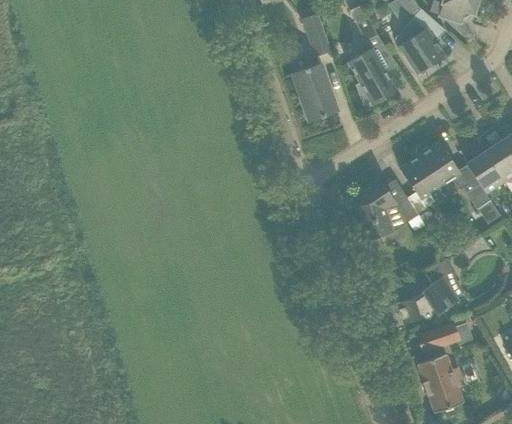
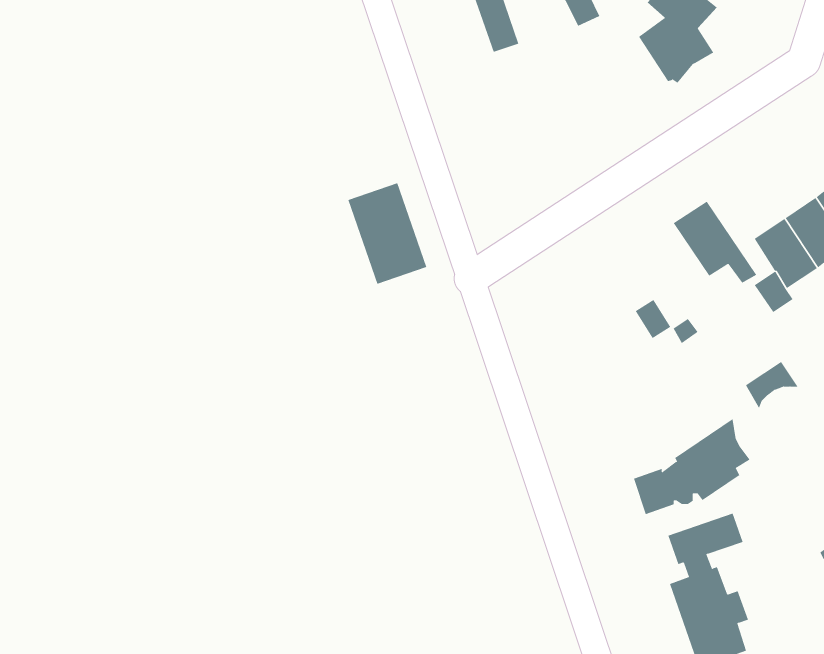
building: [348,48,397,106] -> none
building: [292,63,338,122] -> [348,183,427,284]
building: [400,155,441,208] -> none
building: [355,178,396,241] -> none

